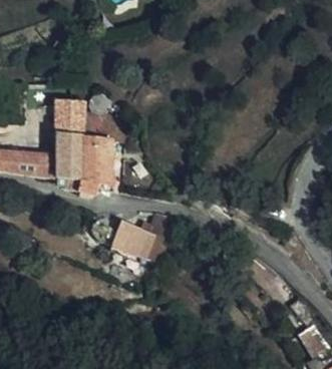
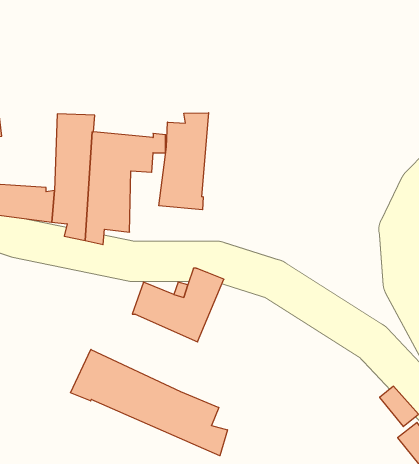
building: none -> [159,113,209,210]
building: none -> [71,349,227,456]

